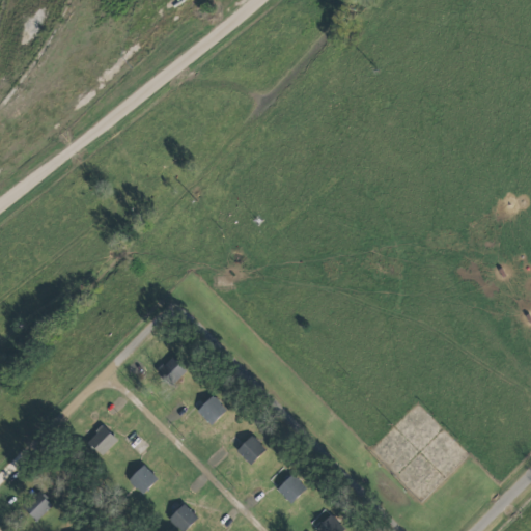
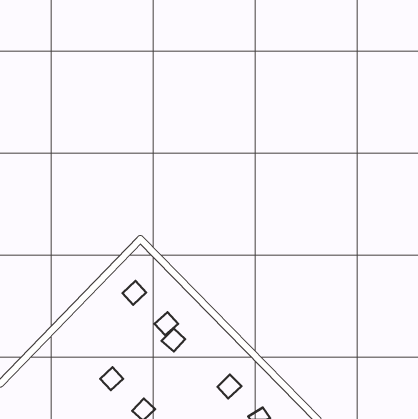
building: [87,425,117,456] -> none
building: [236,436,267,465] -> [161,329,185,352]
building: [24,493,53,521] -> none

